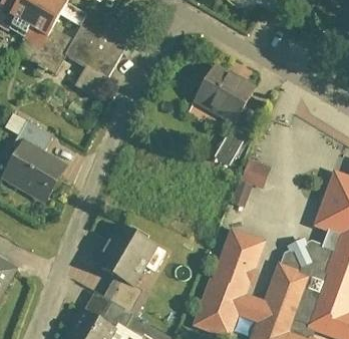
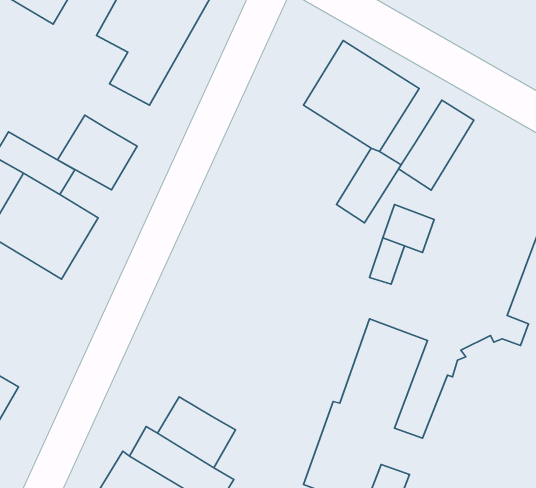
building: none -> [399,100,474,190]
building: none -> [57,115,137,190]
building: [93,220,159,286] -> none

